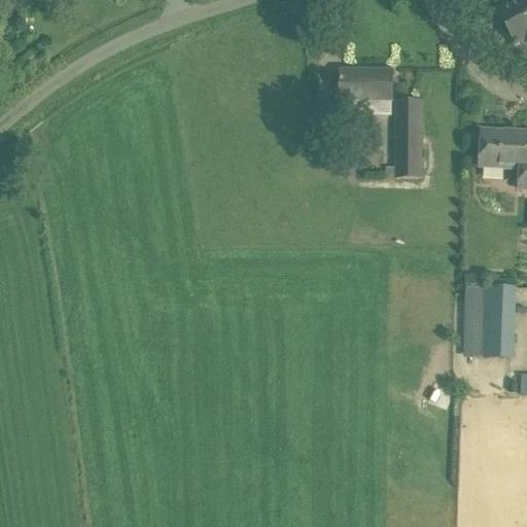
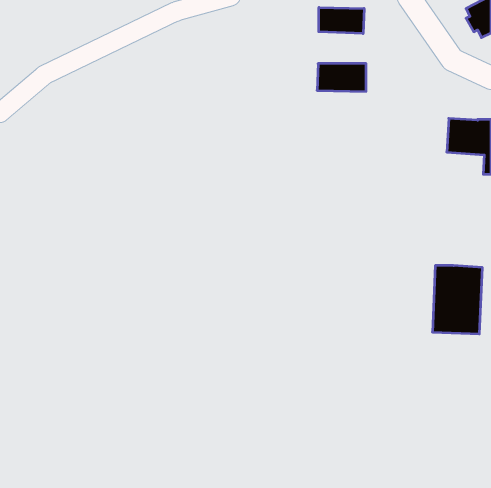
building: none -> [319,7,364,34]
building: [386,98,423,176] -> none

